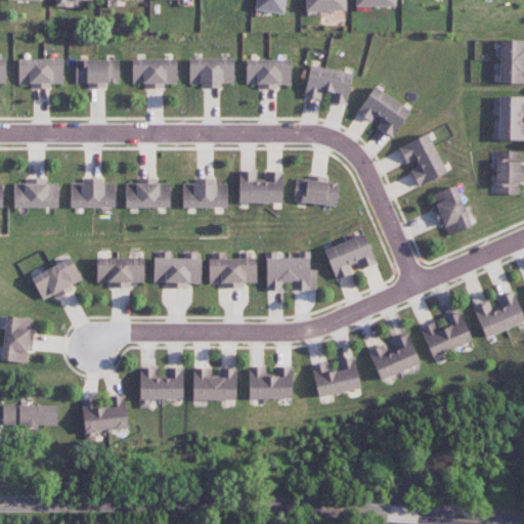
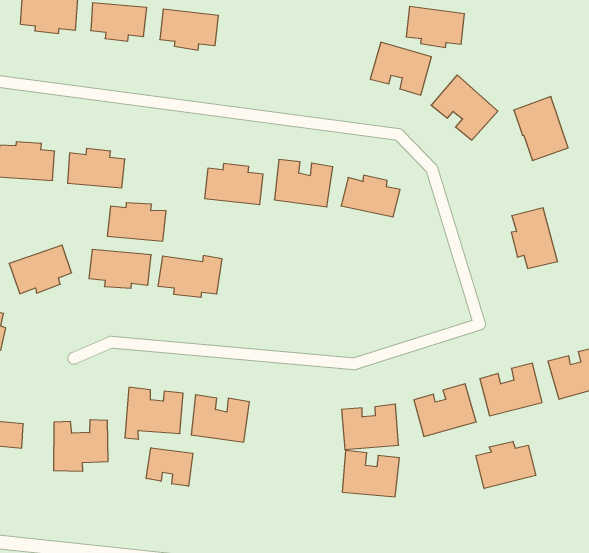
building: [189,58,234,88] -> none
building: [246,59,291,89] -> [406,7,465,48]
building: [399,133,446,186] -> [514,96,568,161]
building: [125,178,170,208] -> [107,203,166,241]
building: [324,234,377,280] -> none
building: [209,252,255,289] -> none
building: [265,252,316,291] -> none
building: [248,365,292,399] -> [342,450,399,497]
building: none -> [476,441,536,489]
building: none -> [146,448,193,486]

